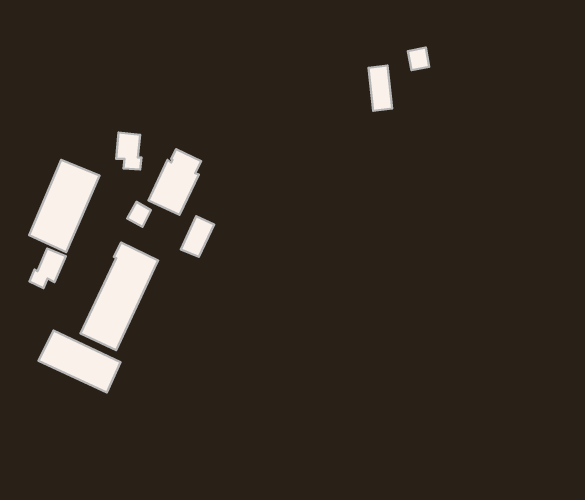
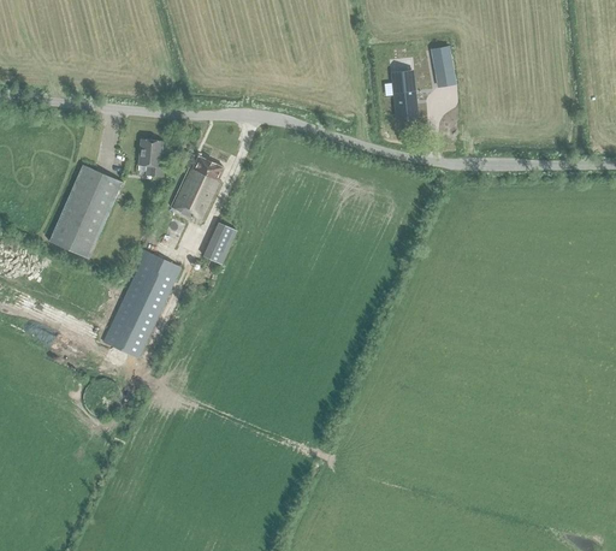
building: [29,249,66,288] -> none
building: [38,330,120,393] -> none

